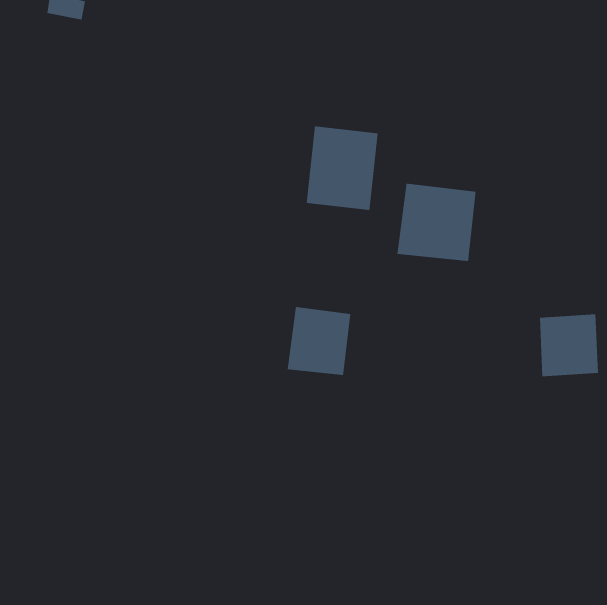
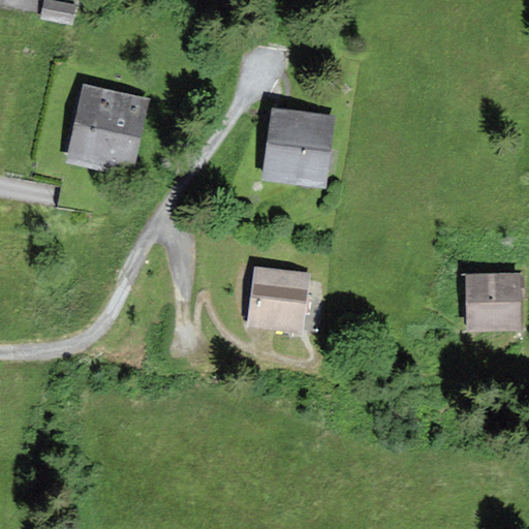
building: none -> [69,86,144,170]
building: [397,183,476,262] -> none

